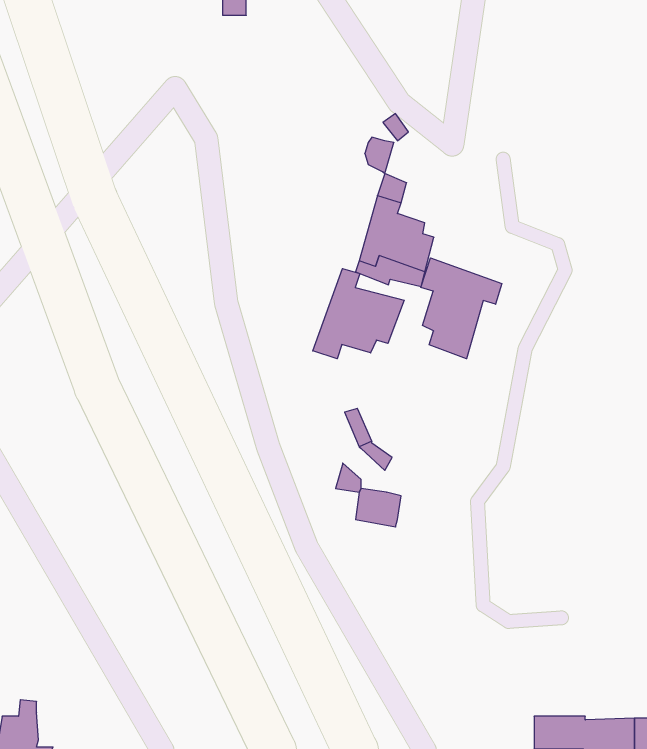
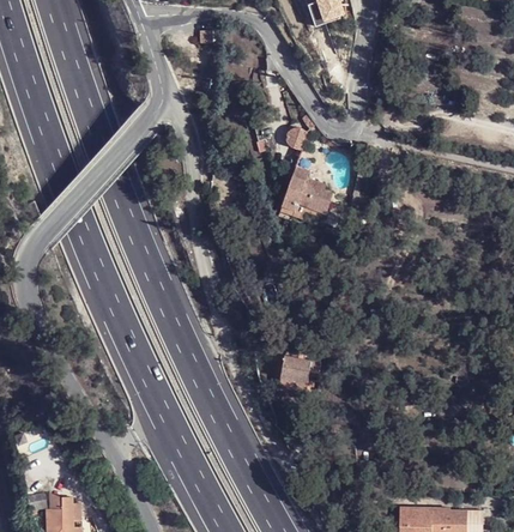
building: [421,258,502,359] -> none
building: [313,269,404,359] -> none

